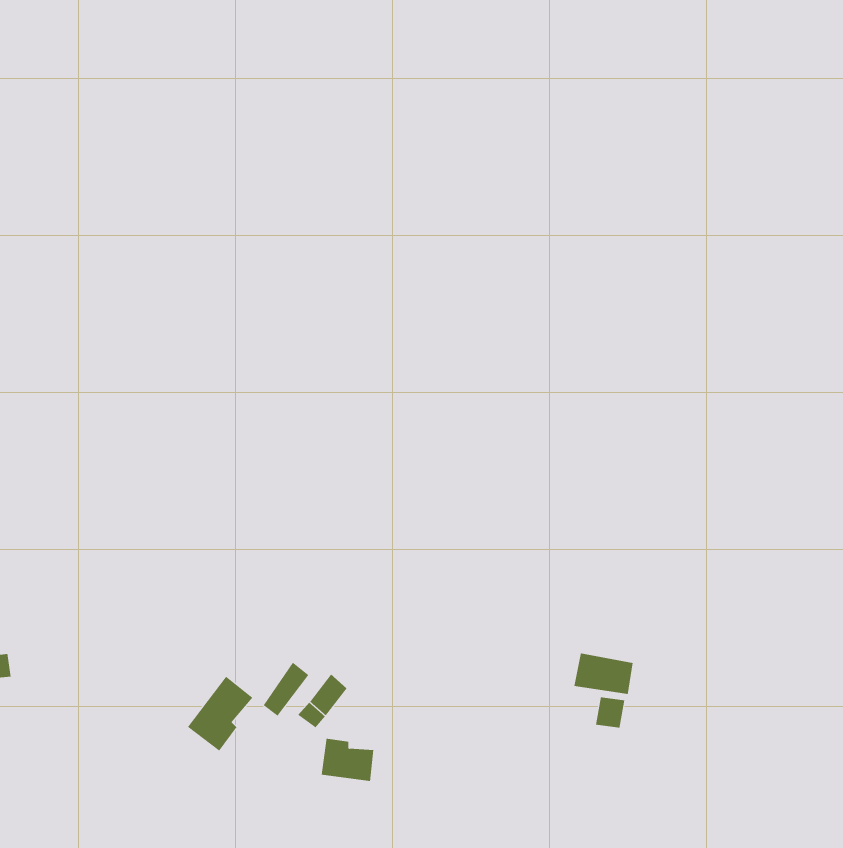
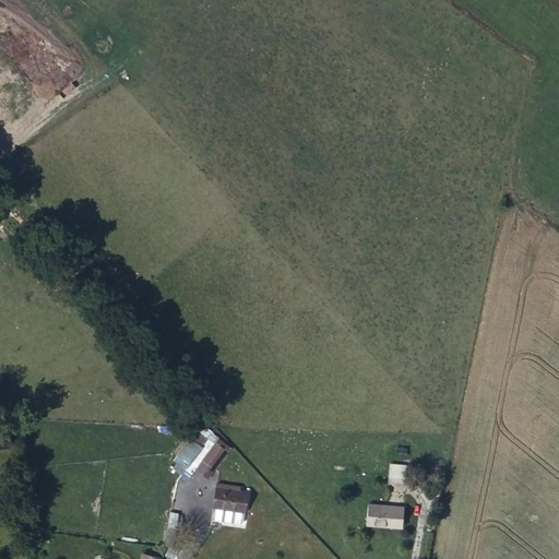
building: [574,653,633,695] -> [366,499,405,526]
building: [187,676,253,752] -> none

